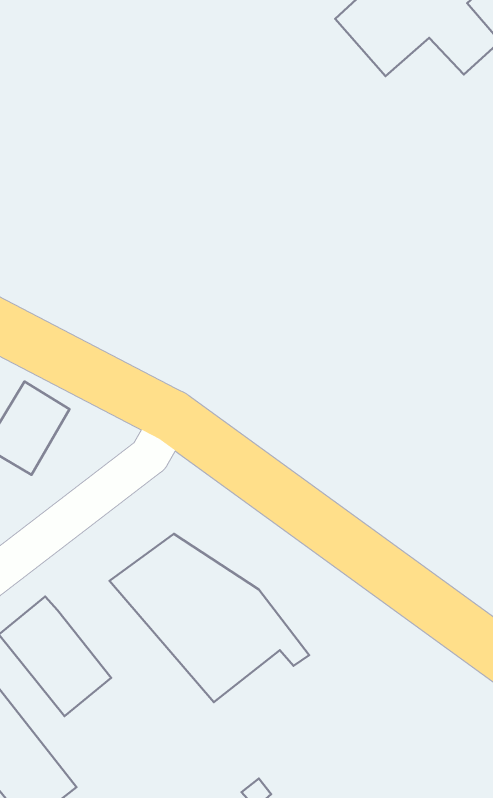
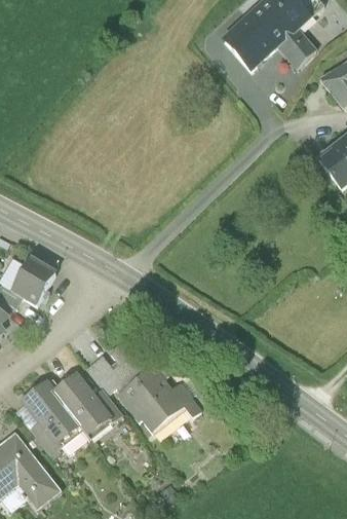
building: none -> [54,367,119,437]

